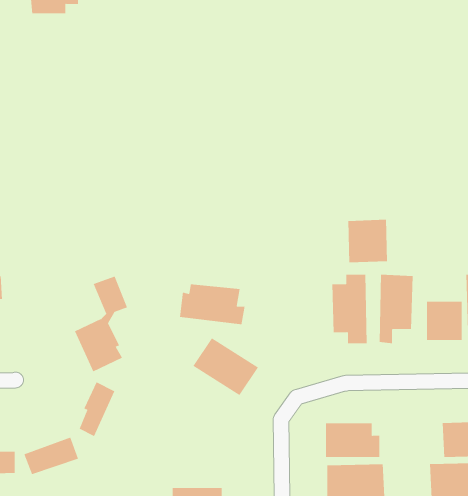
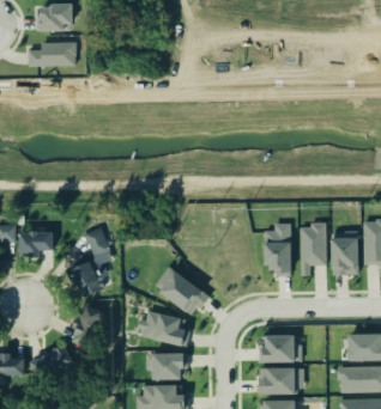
building: none -> [28,42,75,66]
building: [348,219,387,263] -> none
building: none -> [19,227,52,254]
building: [179,284,245,325] -> [139,313,189,344]
building: none -> [145,350,187,376]

